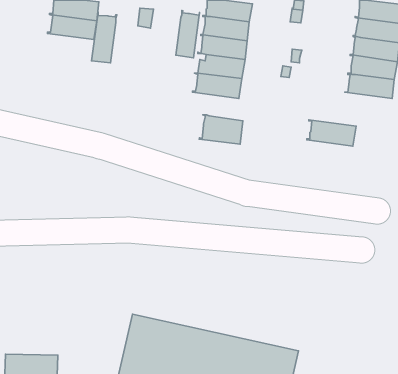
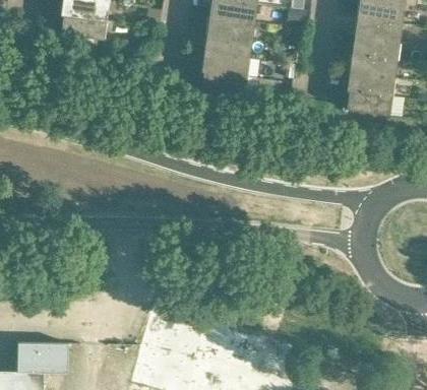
building: [176,11,200,58] -> none
building: [92,12,117,63] -> none
building: [199,115,243,144] -> none
building: [307,120,356,146] -> [344,90,391,116]

